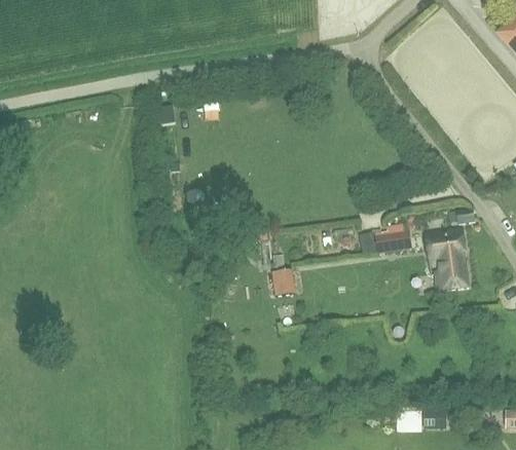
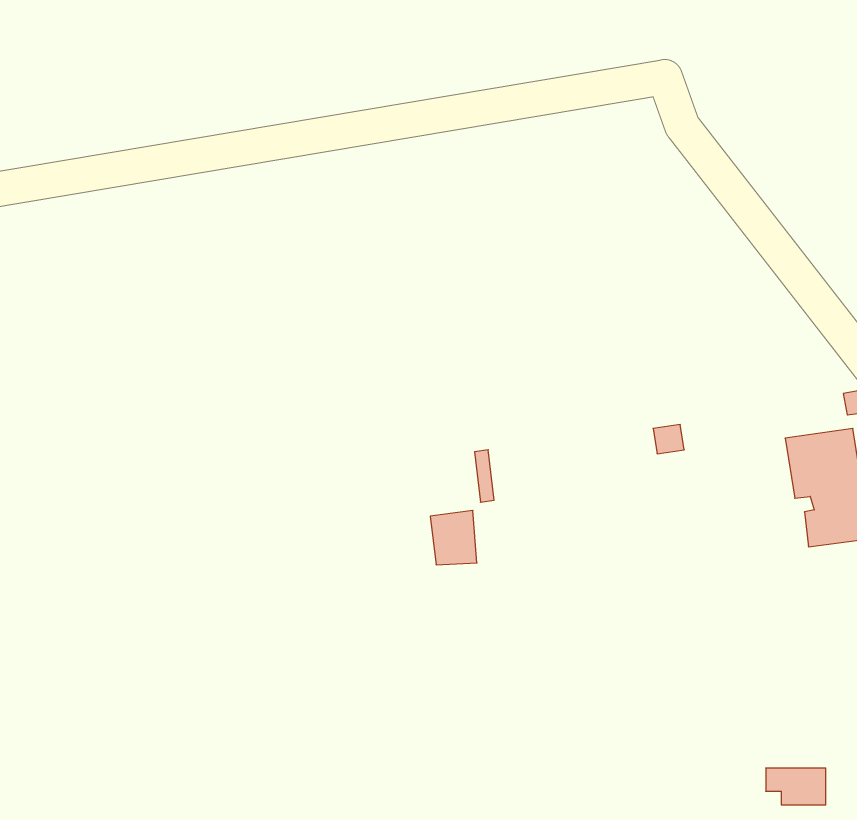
building: [374,221,412,254] -> none
building: [271,267,296,296] -> [430,510,477,565]

